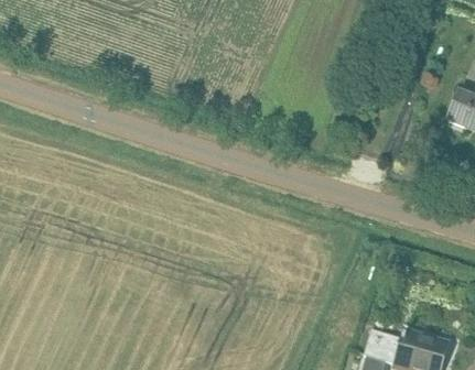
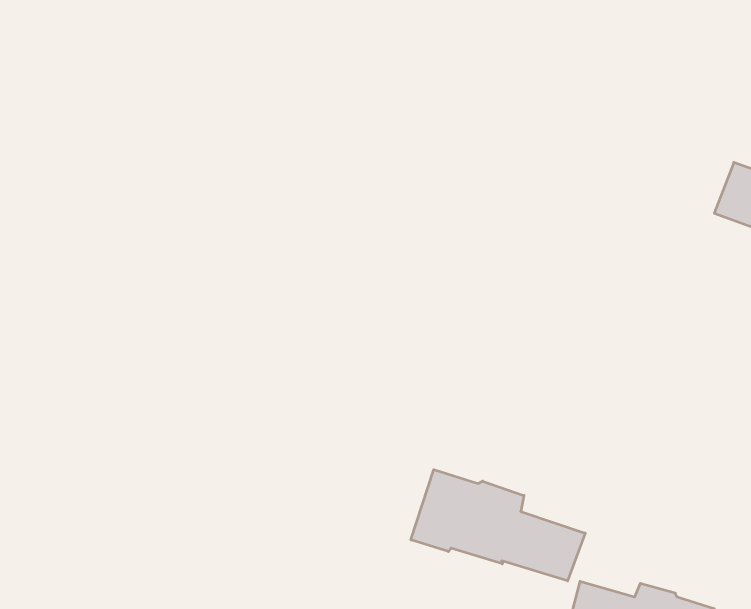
building: none -> [411,470,585,581]

